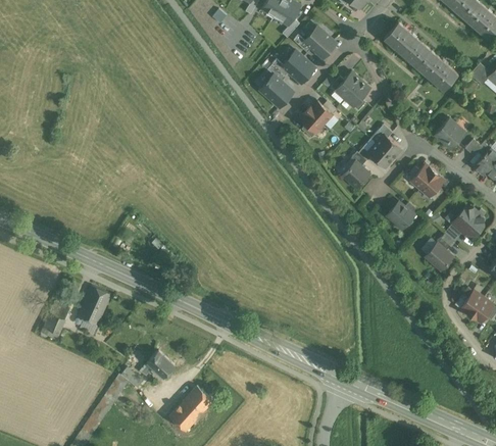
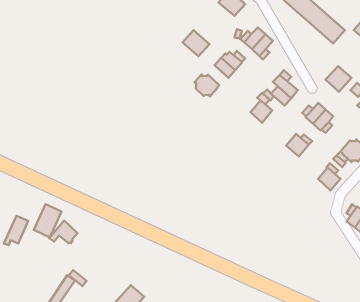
building: [283,51,314,83] -> none
building: none -> [194,74,219,96]
building: [140,351,175,379] -> [49,221,78,243]

